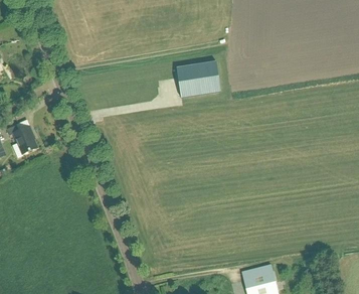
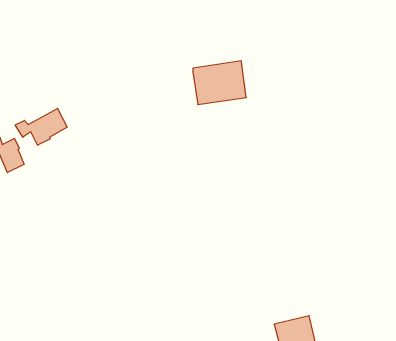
building: none -> [15,108,67,145]

